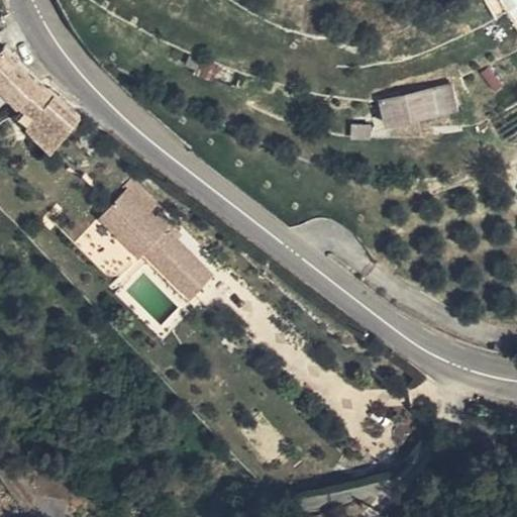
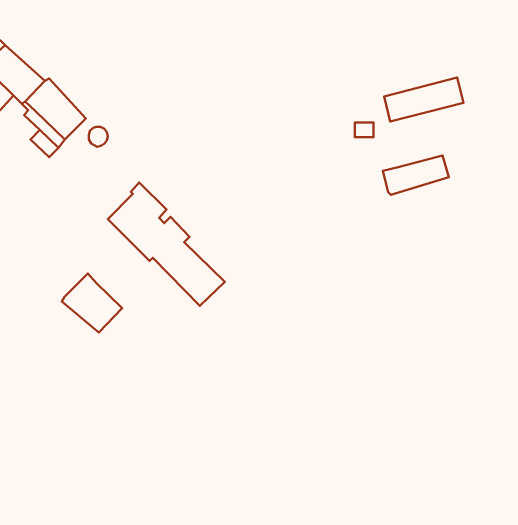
building: none -> [383,156,449,195]
building: none -> [62,274,122,333]

